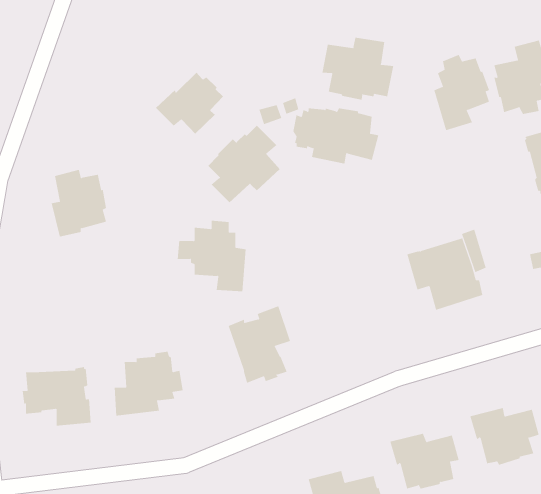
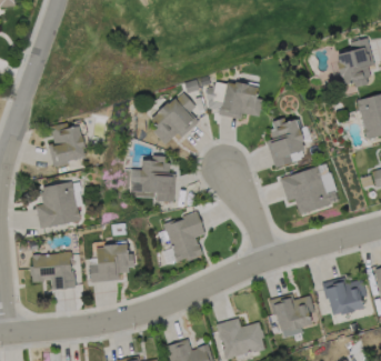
building: [322,37,394,100] -> none
building: [434,54,490,131] -> [267,118,303,168]
building: [155,72,224,135] -> none
building: none -> [36,181,80,229]

